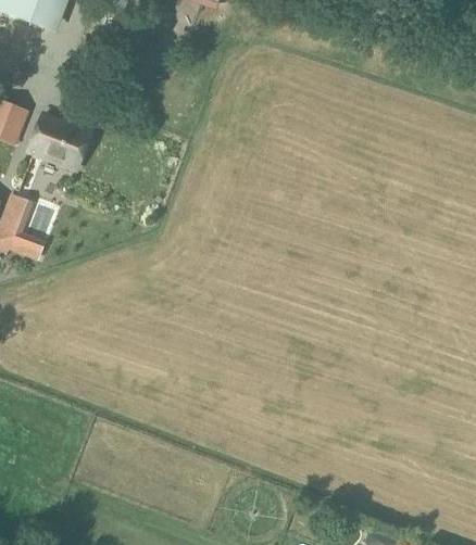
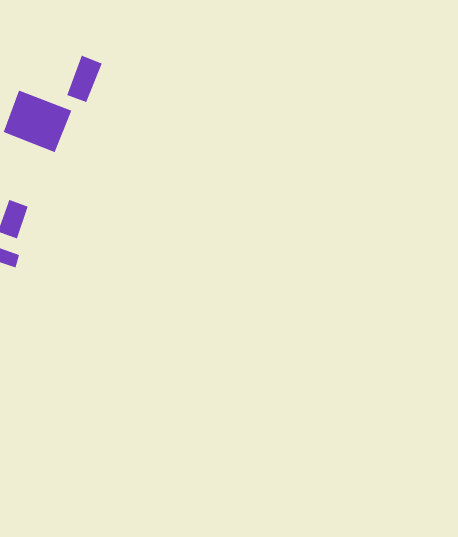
building: none -> [66,55,103,103]

